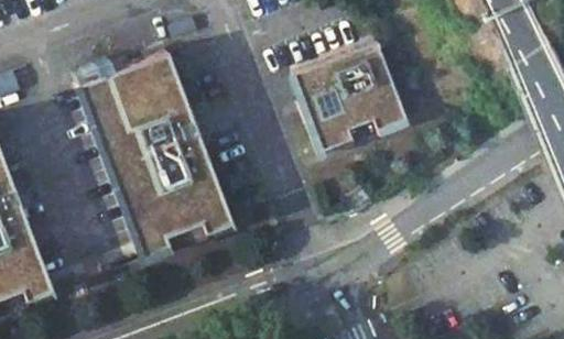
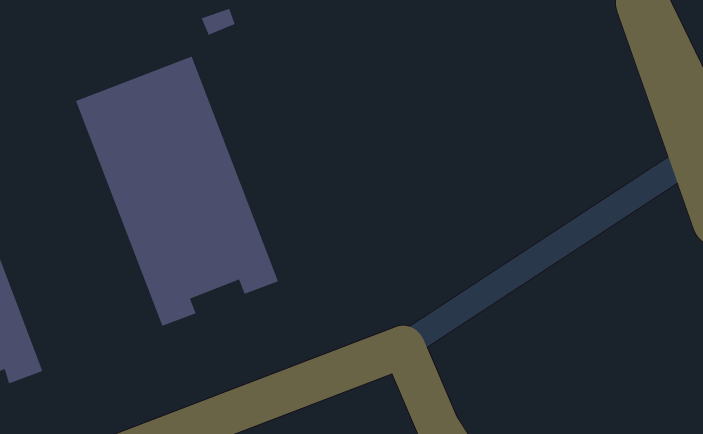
building: [289,35,411,152] -> none

